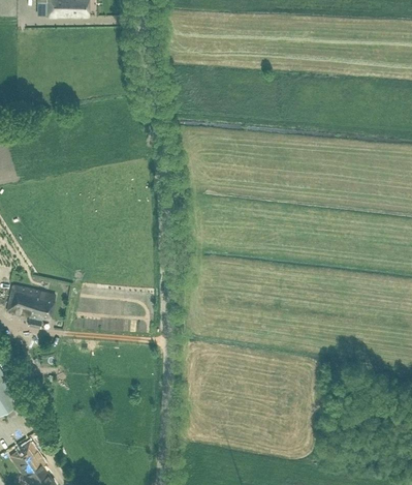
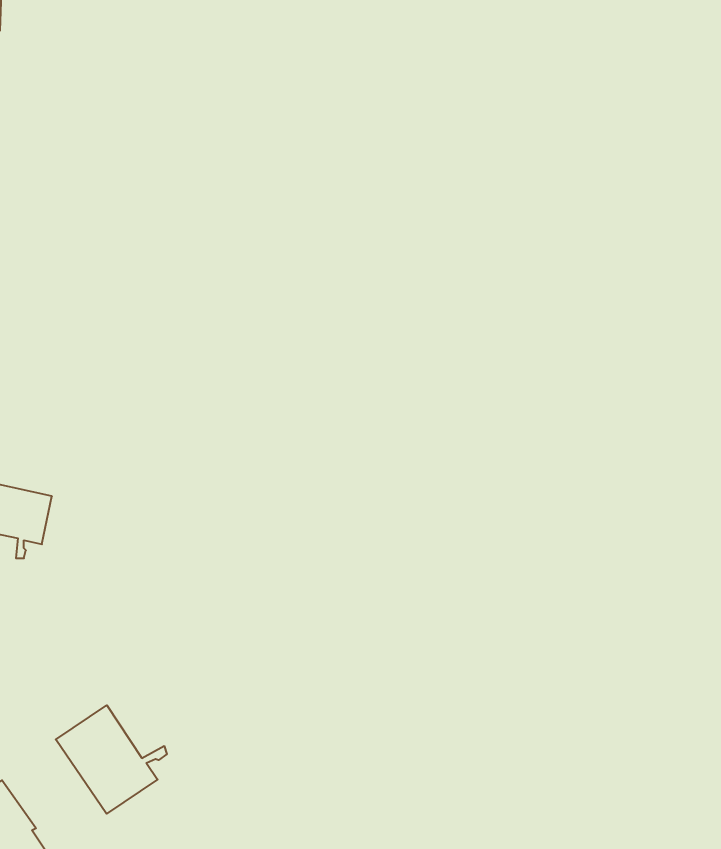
building: none -> [56,705,167,814]

